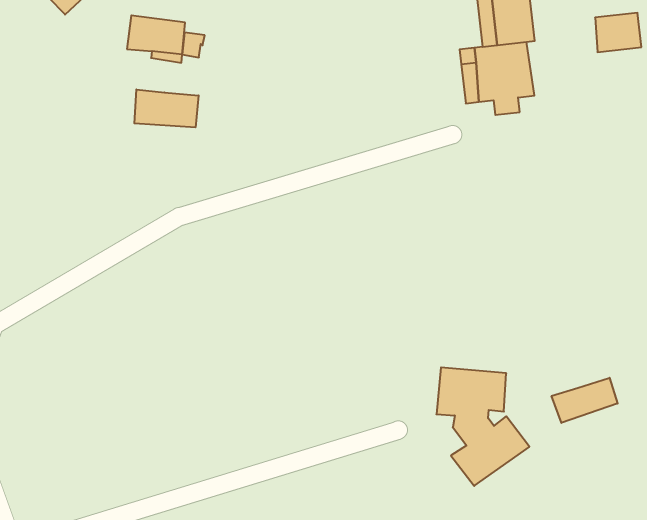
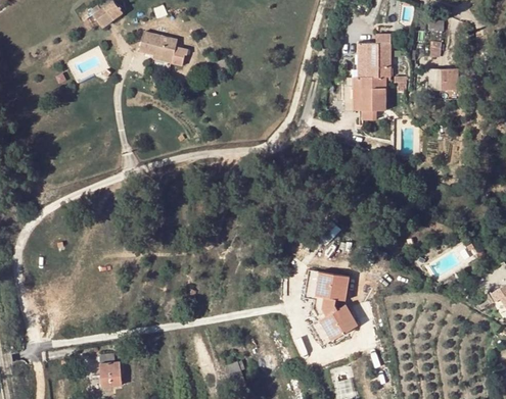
building: [134,89,199,127] -> none
building: [552,378,618,423] -> none

